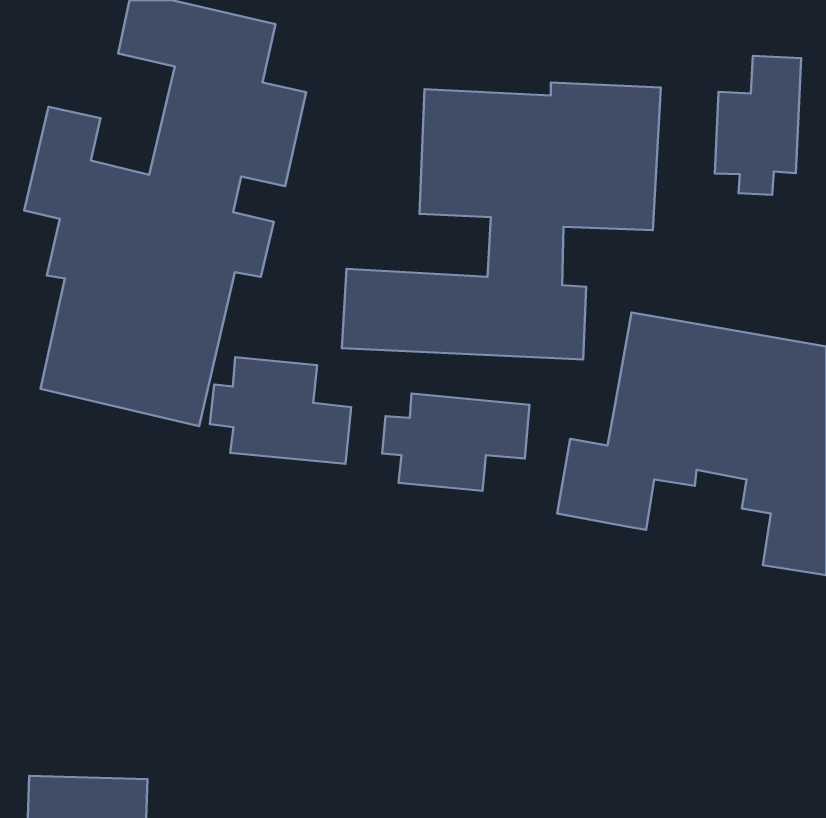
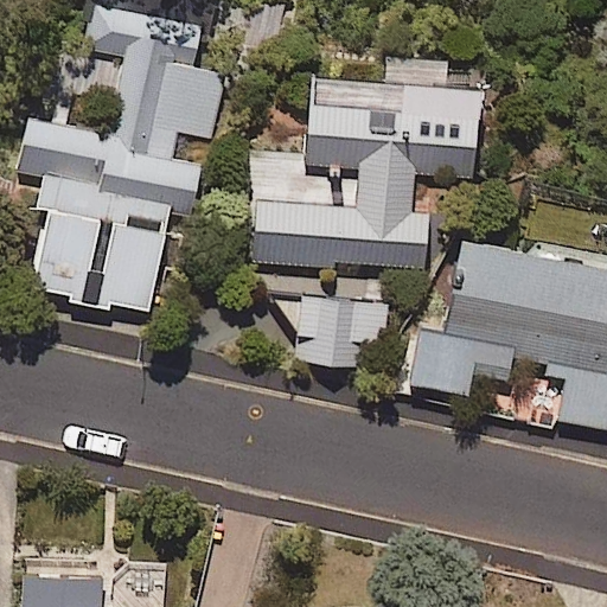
building: [715,56,801,195] -> none
building: [210,357,351,464] -> none

